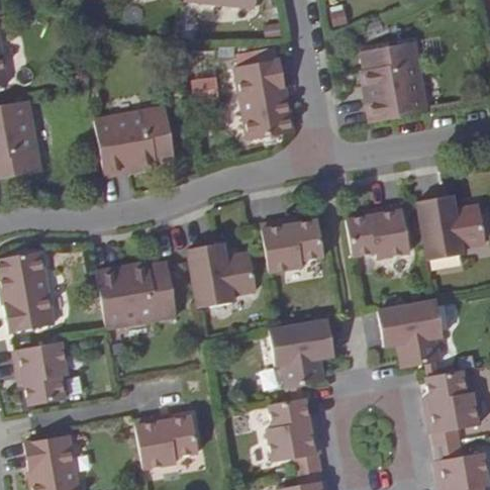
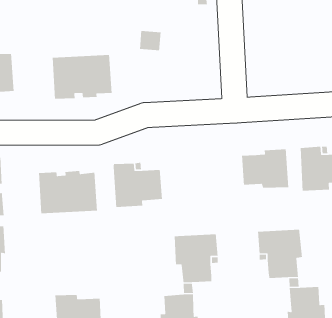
building: [360,43,422,123] -> none
building: [235,57,294,139] -> none
building: [260,219,323,273] -> none

